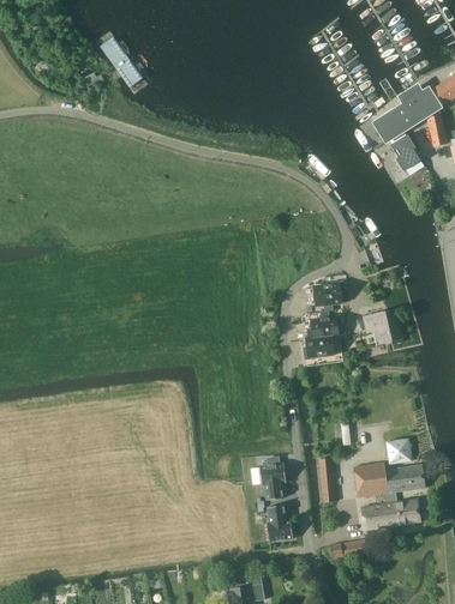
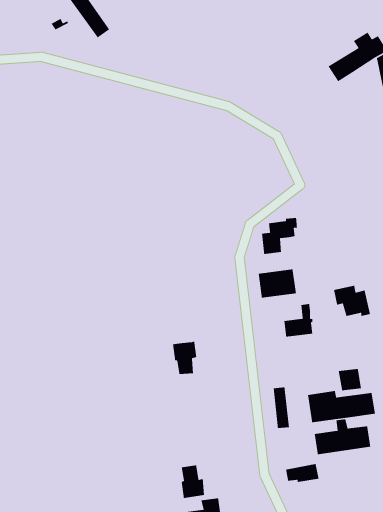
building: [388,129,419,170] -> none
building: [307,302,339,338] -> [283,303,313,338]
building: [363,310,402,344] -> [333,285,371,317]
building: [259,463,286,499] -> [172,340,197,375]
building: [267,505,292,540] -> [181,464,205,499]

